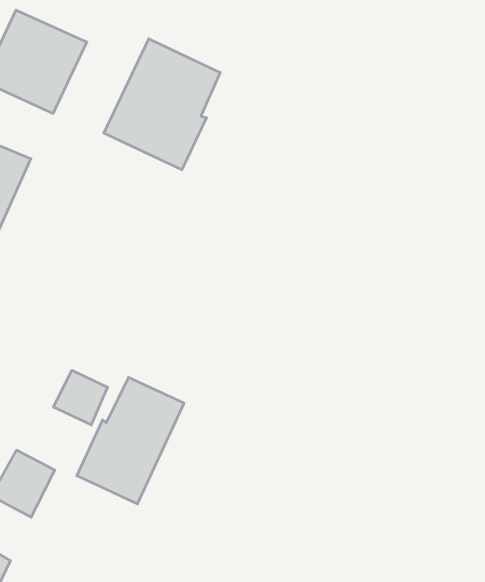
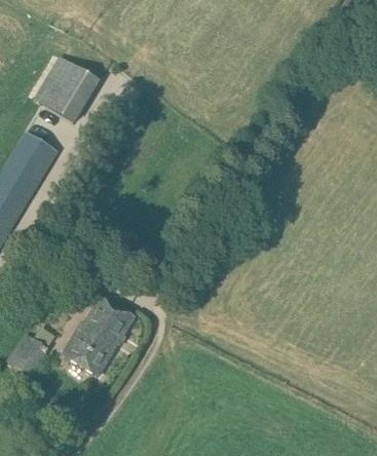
building: [104,39,220,170] -> none
building: [54,370,108,425] -> none

